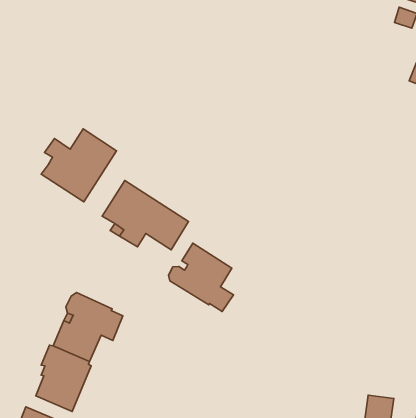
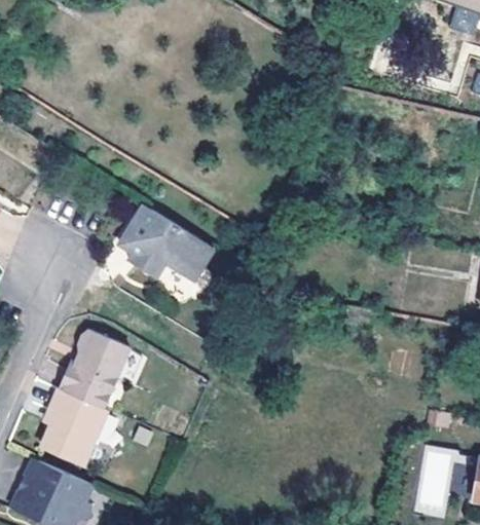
building: [41,129,116,202] -> none
building: [169,243,233,311] -> none

